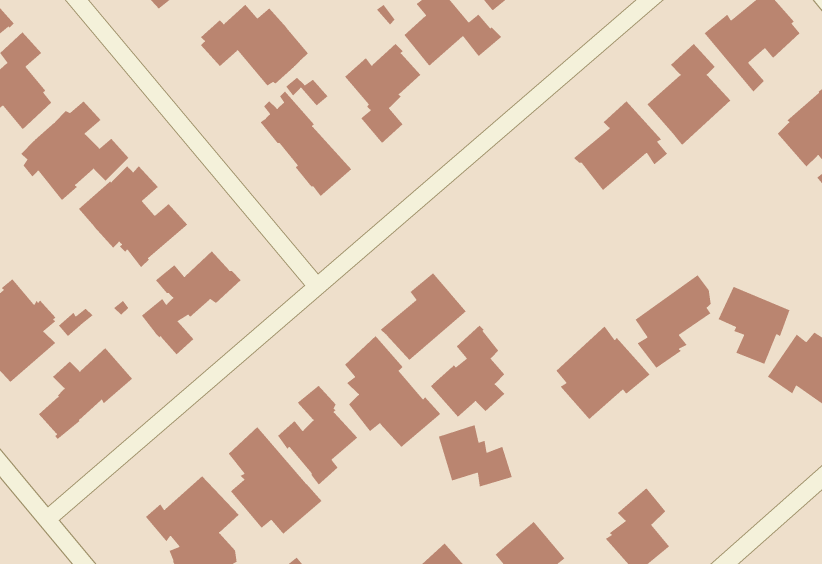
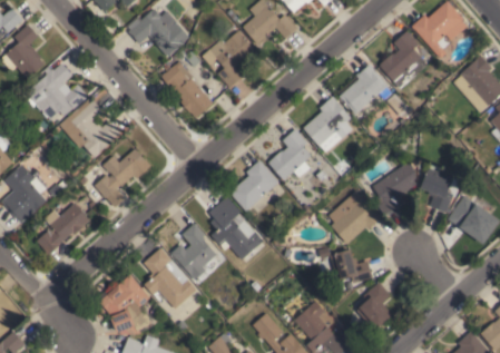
building: none -> [303,96,353,149]
building: [430,325,505,418] -> [268,128,311,180]
building: [438,424,513,487] -> [330,248,372,284]

